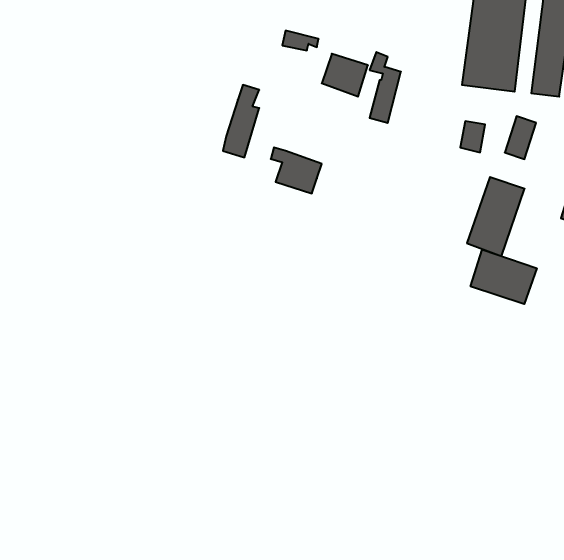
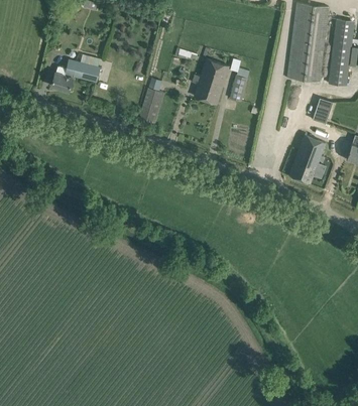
building: none -> [51,55,101,92]
building: [271,147,322,193] -> [192,76,223,104]
building: [471,250,537,304] -> none

